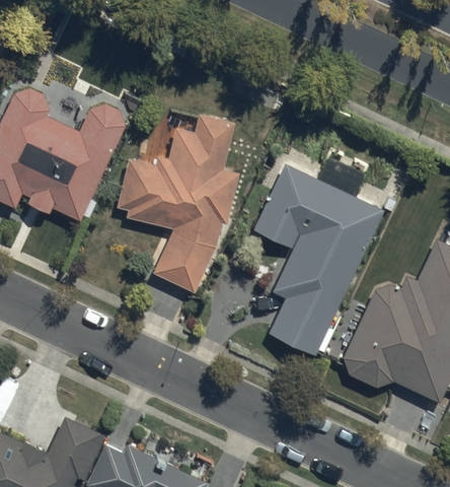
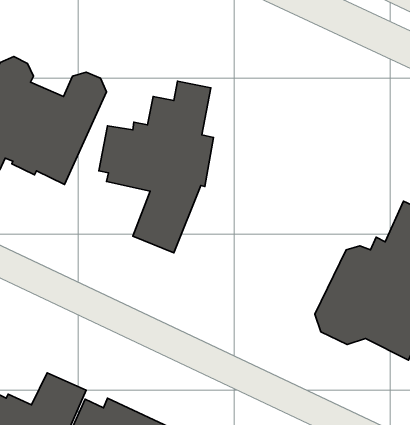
building: [253,159,383,357] -> none

